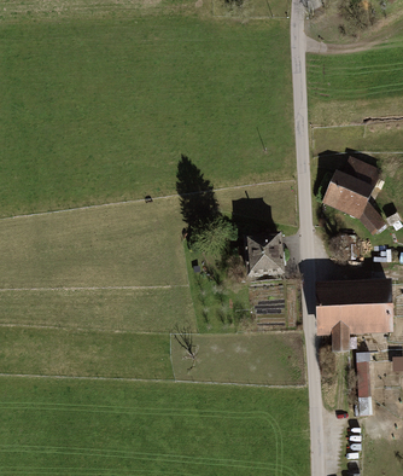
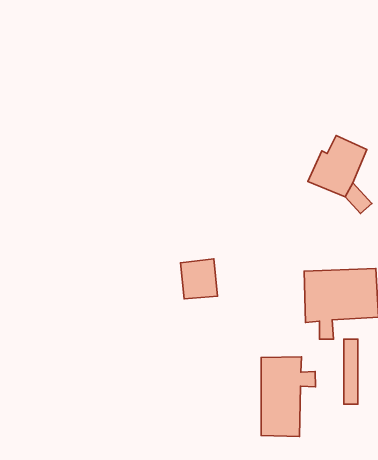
building: [246,236,281,273] -> [180,259,218,299]
building: none -> [261,357,316,436]

